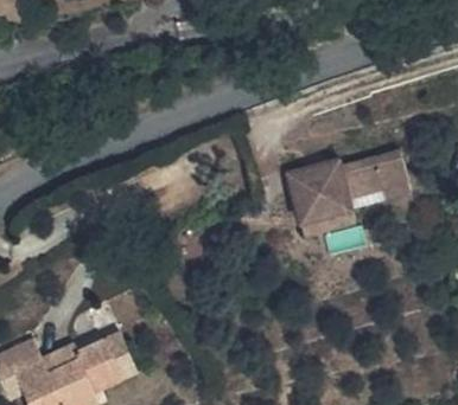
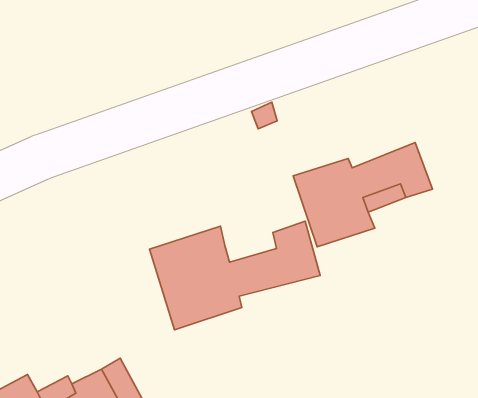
building: none -> [150,221,320,330]

